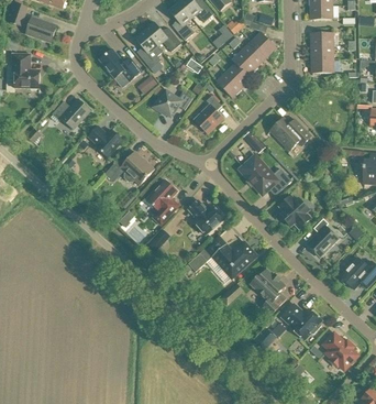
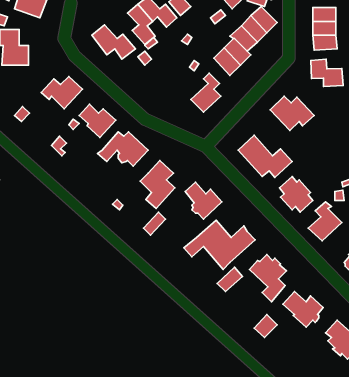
building: none -> [311,59,343,86]
building: [153,88,192,117] -> none

